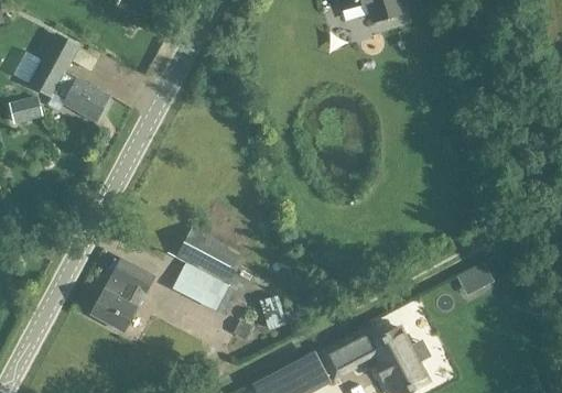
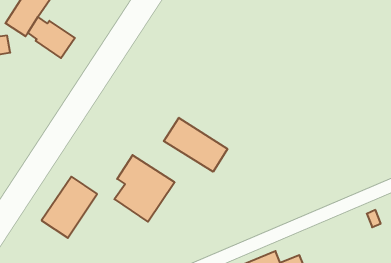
building: none -> [164,118,227,172]

